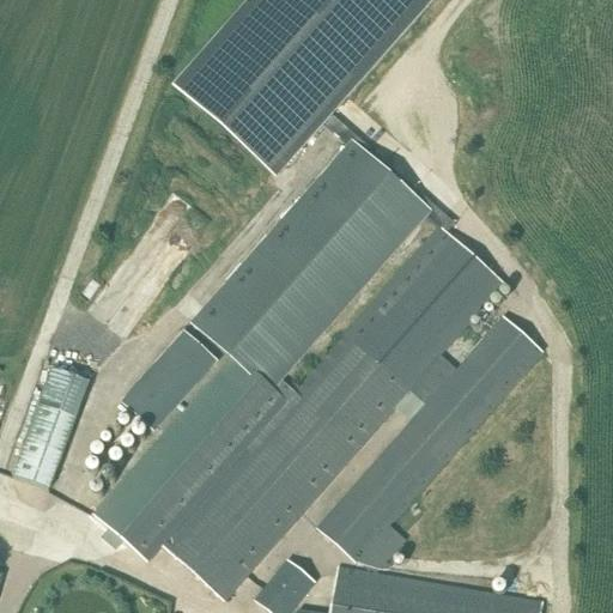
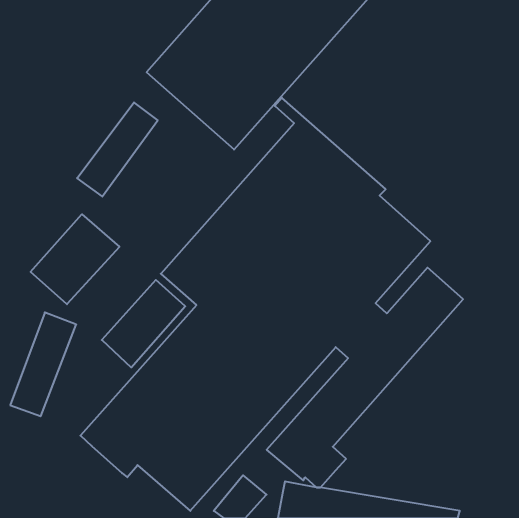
building: none -> [77,102,158,197]
building: none -> [31,214,119,304]

